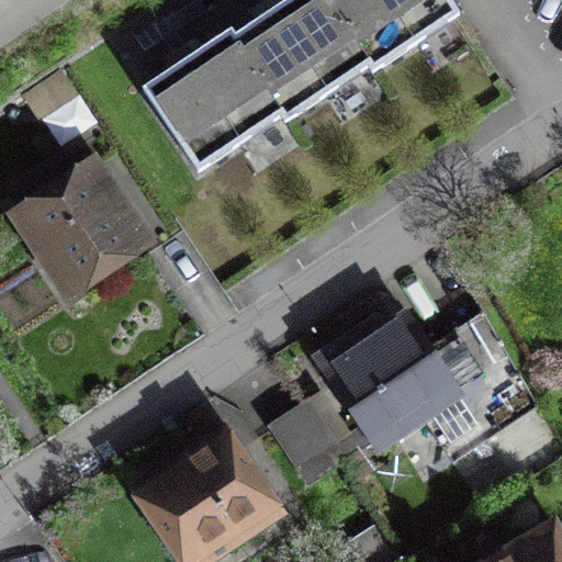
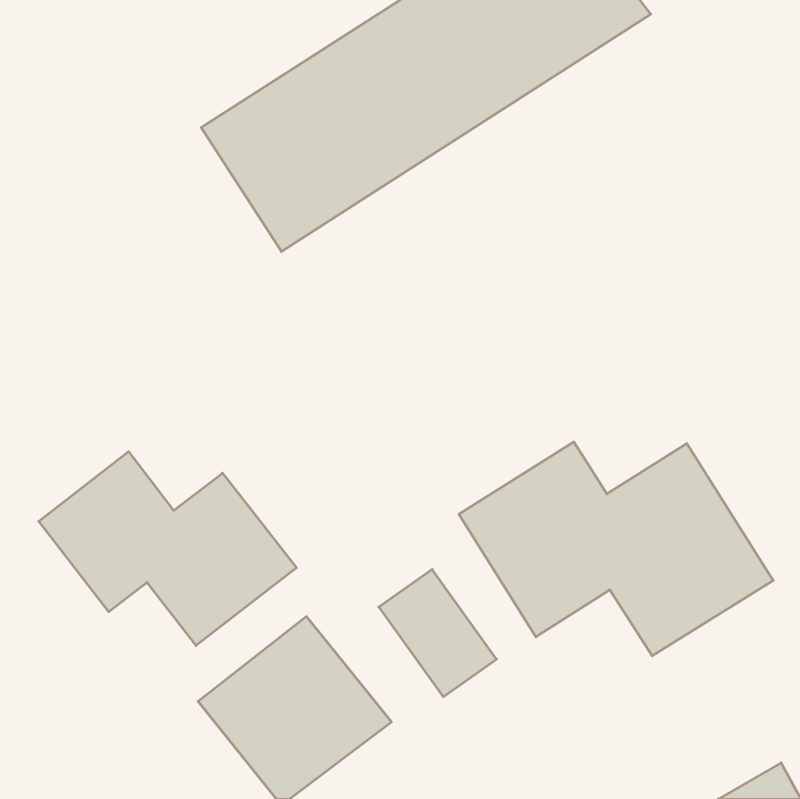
building: [8,157,144,295] -> none
building: none -> [39,452,296,646]

